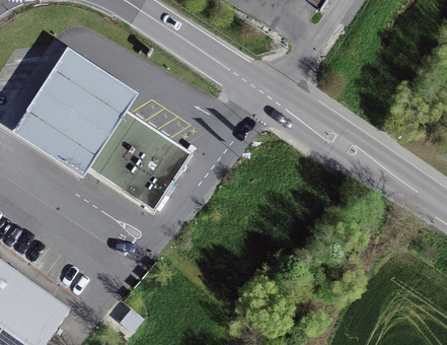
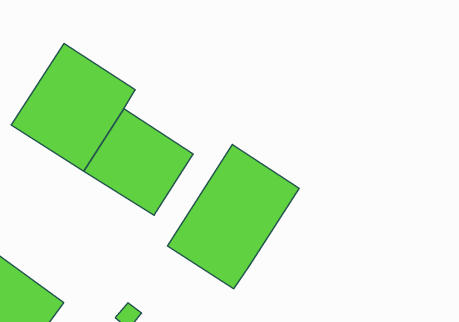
building: none -> [167,144,299,289]

